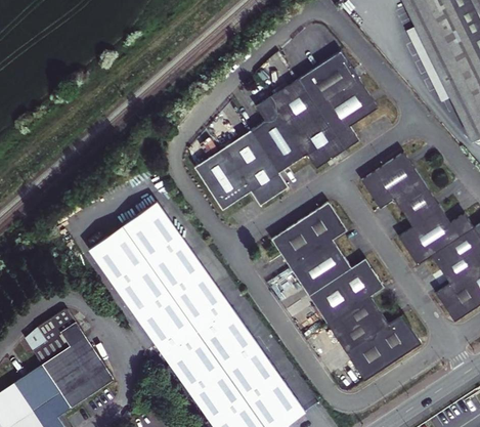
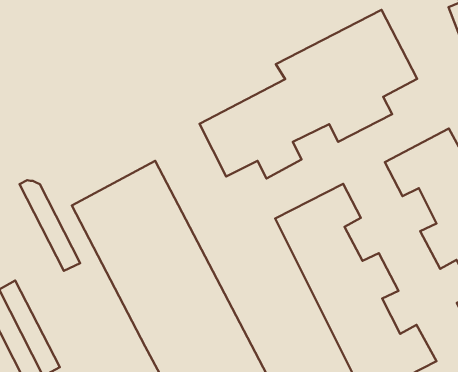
building: [52,311,112,386] -> [19,180,80,271]

